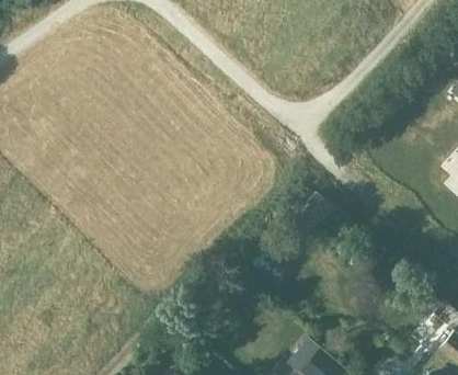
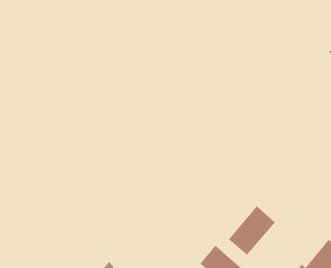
building: none -> [228,205,276,256]

